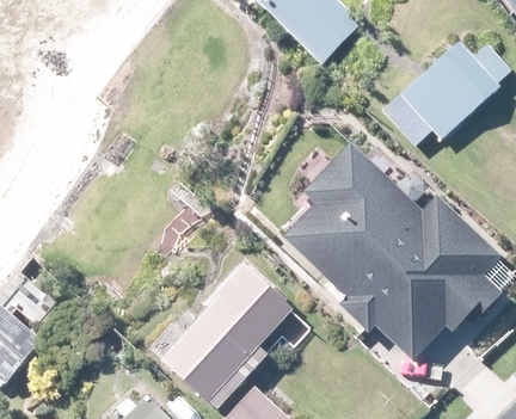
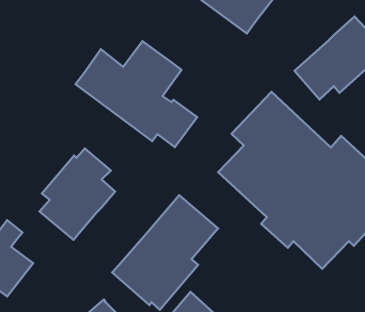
building: none -> [75,41,197,147]
building: none -> [39,149,115,240]

